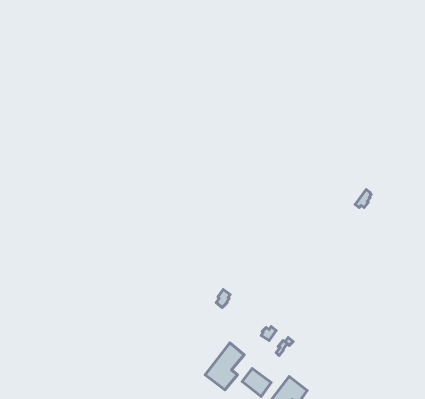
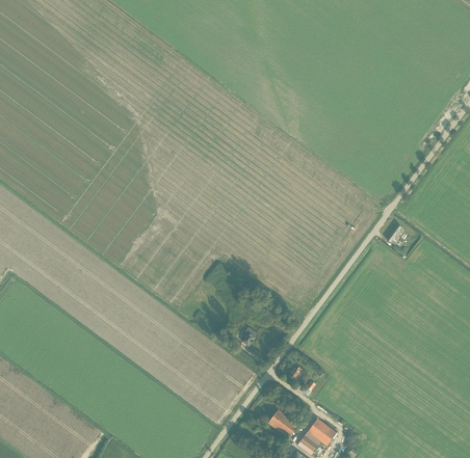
building: [205,343,244,390] -> none

